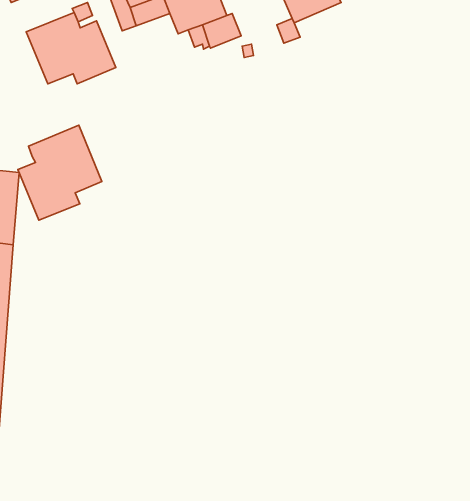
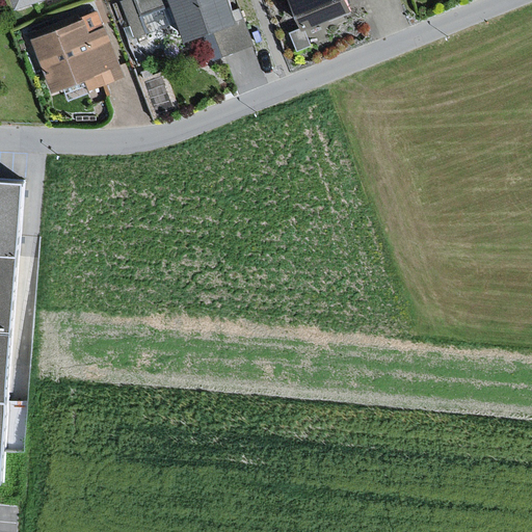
building: [18,125,102,220] -> none

